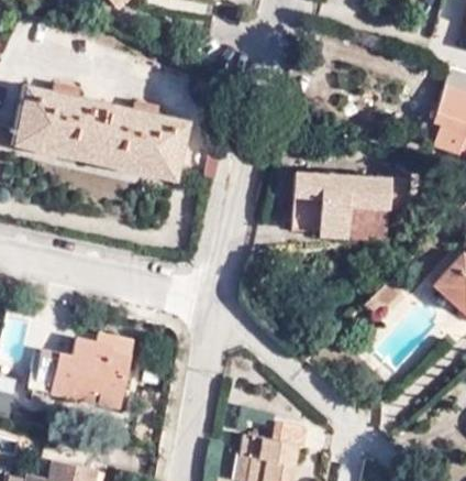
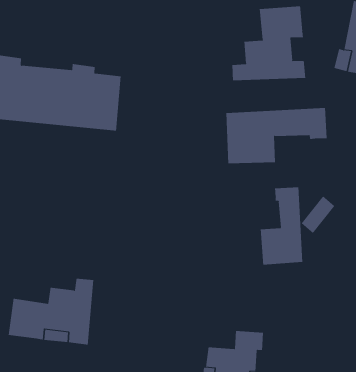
building: none -> [232,5,306,81]
building: [343,206,389,237] -> none
building: none -> [260,186,303,265]

